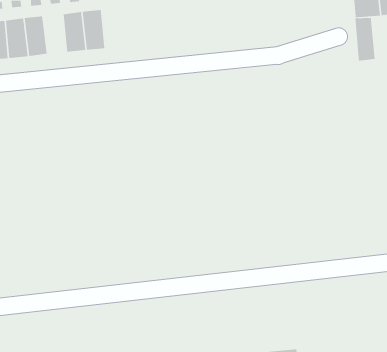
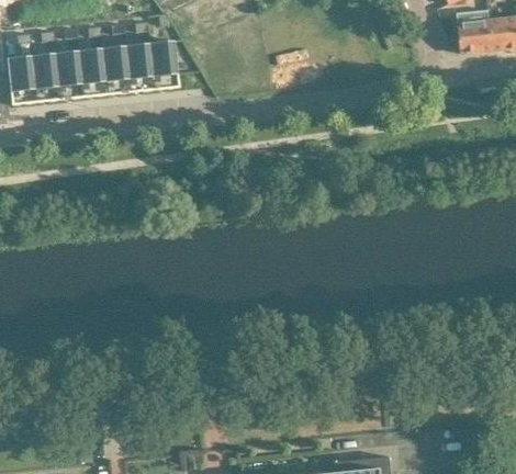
building: none -> [150,42,179,91]
building: none -> [79,49,108,98]
building: [355,17,375,61] -> none

